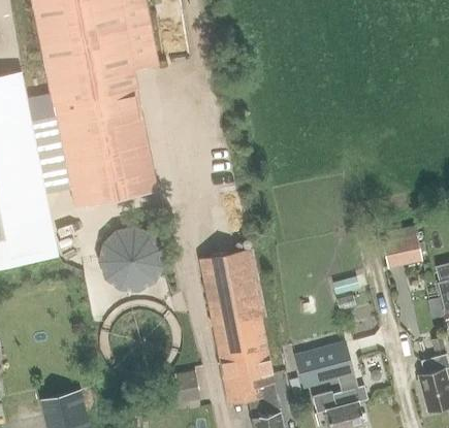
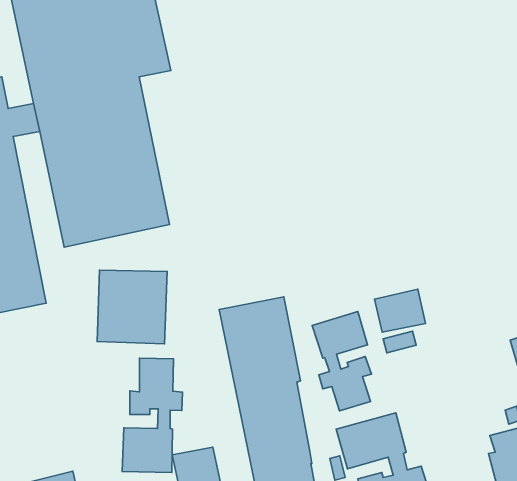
building: [381,233,422,268] -> [375,289,426,332]
building: none -> [312,312,371,411]
building: none -> [122,358,183,473]

